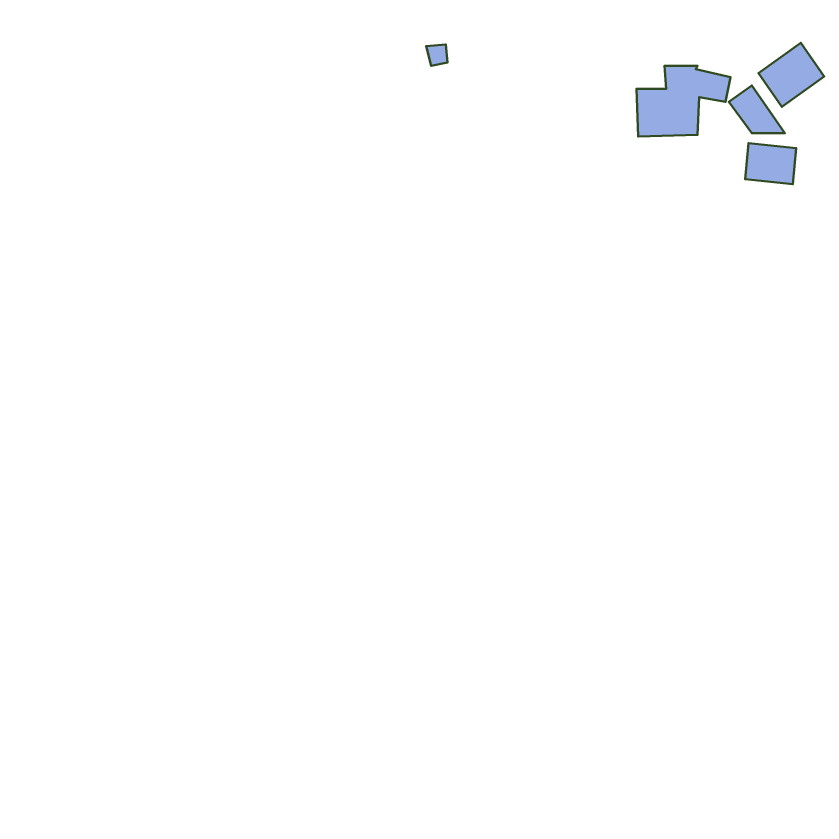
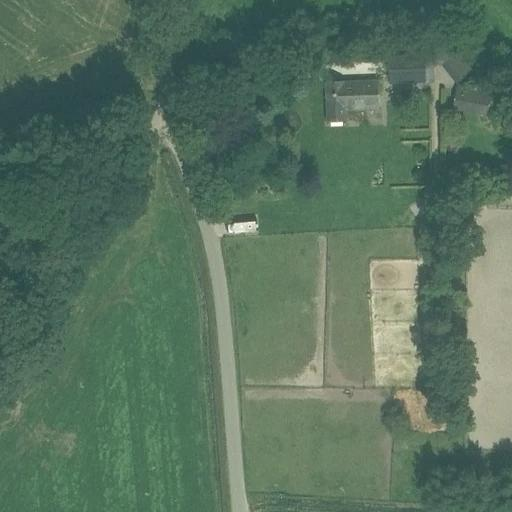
building: [759,43,824,107] -> none
building: none -> [326,80,378,121]

